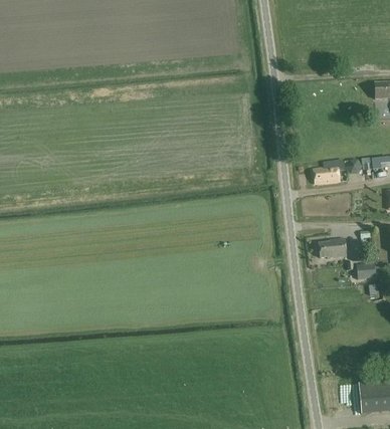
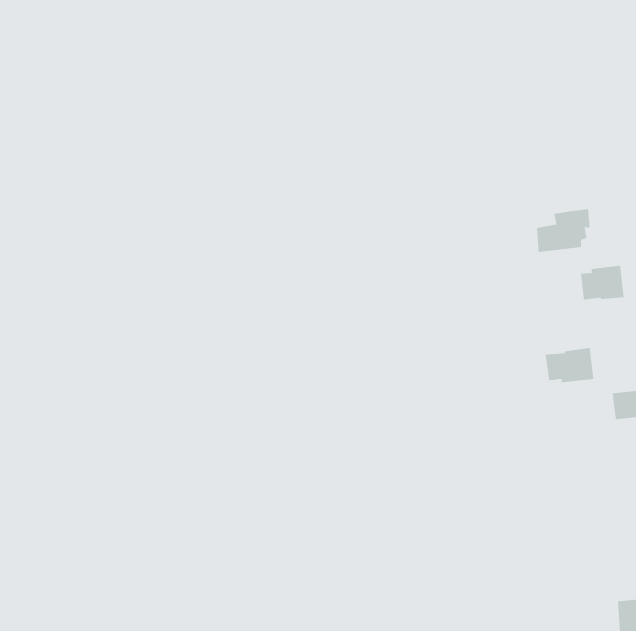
building: none -> [581,265,624,301]

